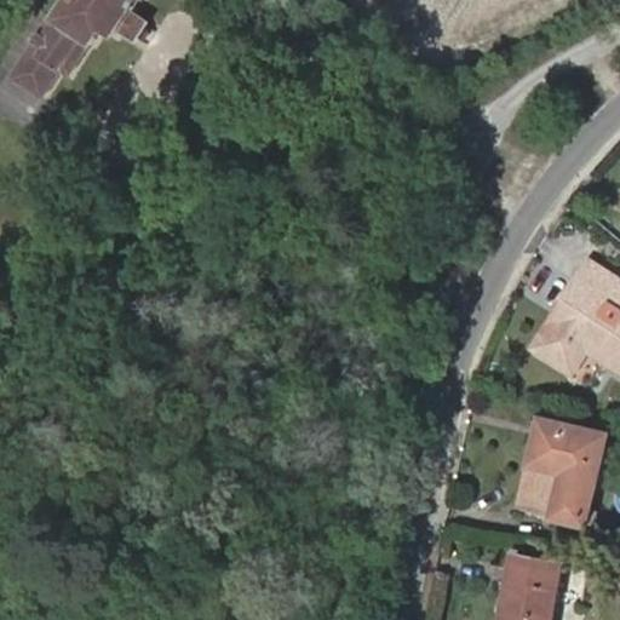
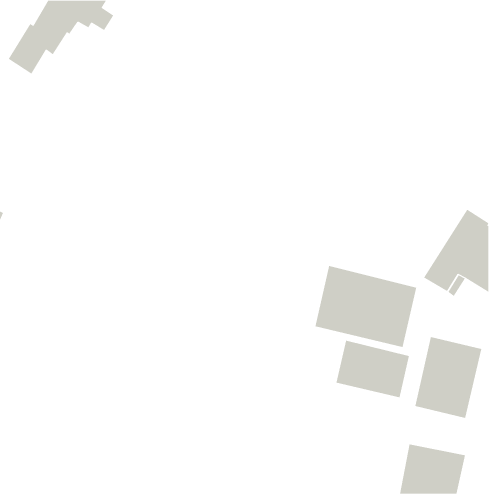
building: none -> [315,265,417,348]
building: none -> [336,340,409,398]

